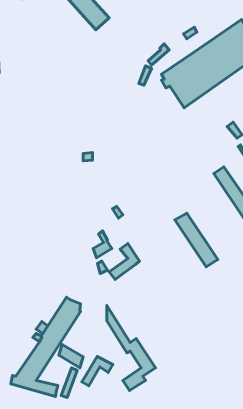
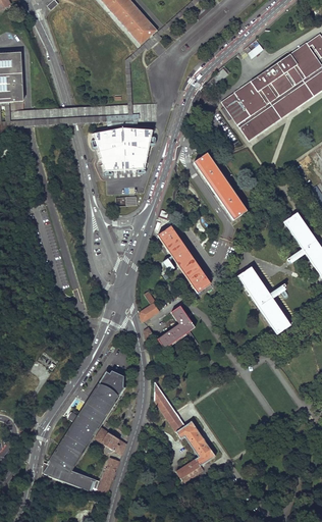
building: none -> [95,127,151,170]
building: none -> [192,153,246,220]
building: none -> [158,227,210,293]
building: [82,357,113,386] -> none

